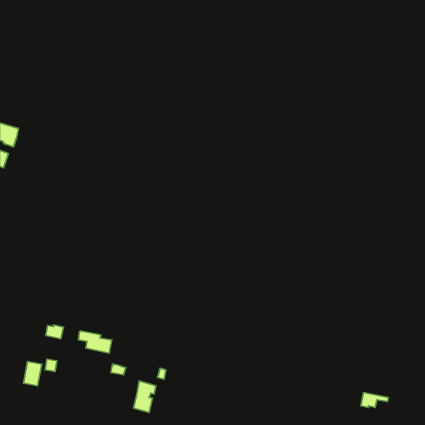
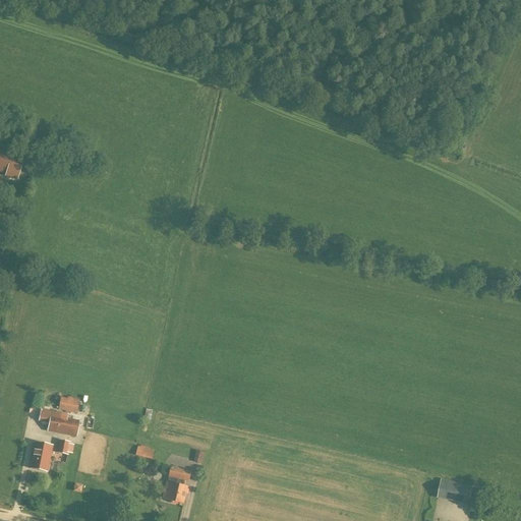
building: [78,331,112,353] -> [38,408,78,436]

